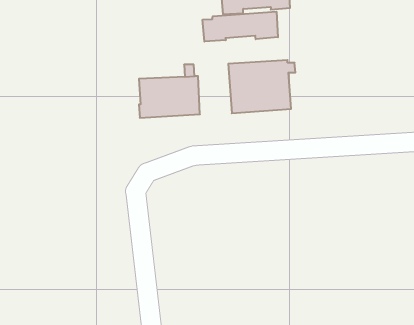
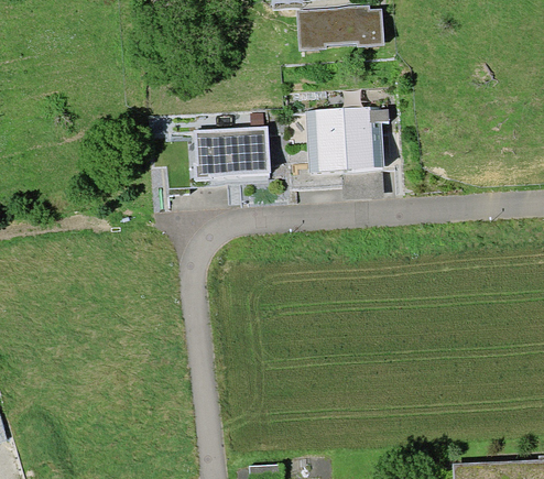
building: [203,12,278,42] -> none

